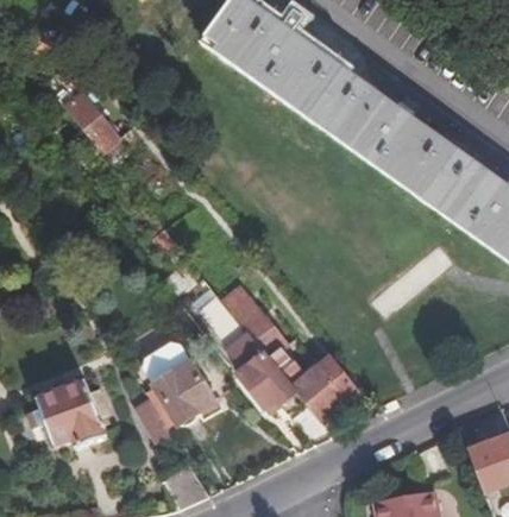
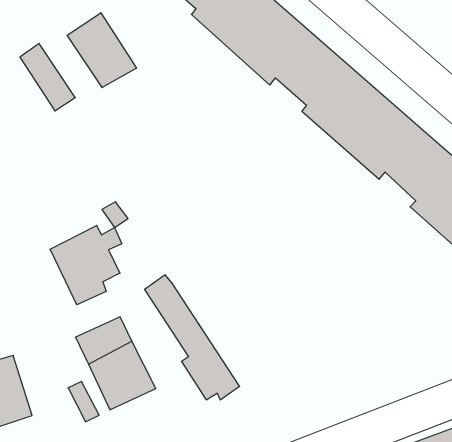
building: none -> [67,13,136,88]
building: none -> [50,225,122,305]
building: [225,286,357,420] -> none

